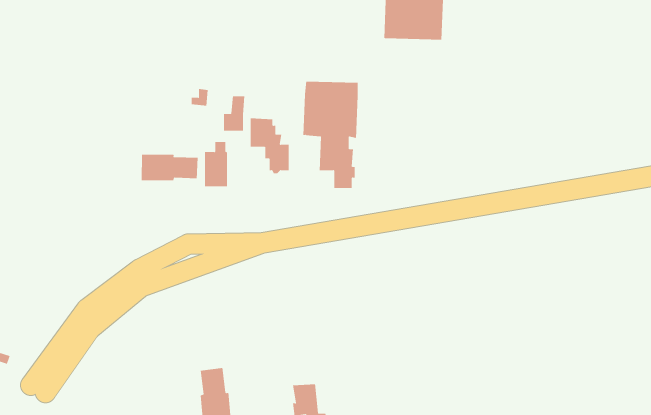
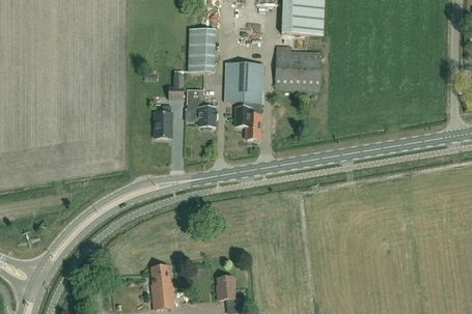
building: none -> [188,29,215,72]
building: none -> [275,50,321,89]
building: [141,154,198,181] -> none

